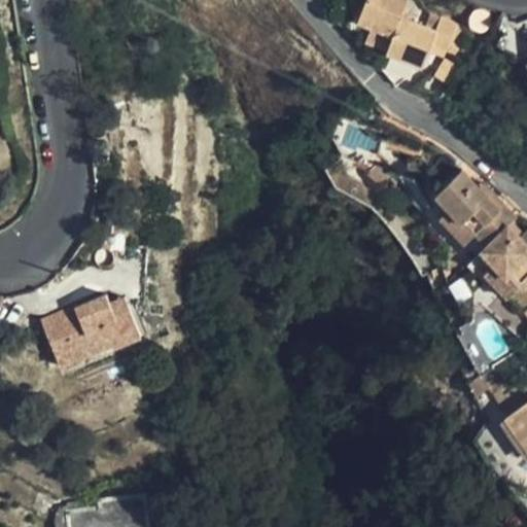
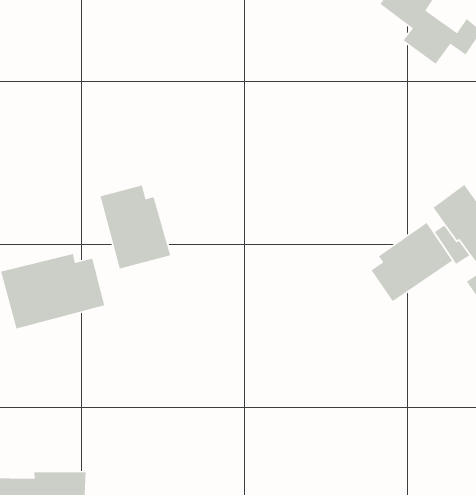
building: none -> [371,222,453,302]
building: none -> [100,184,171,269]

